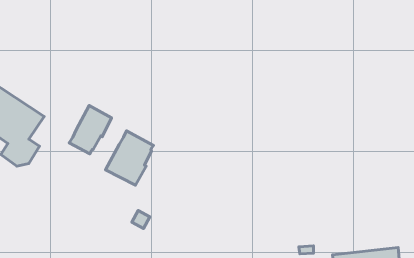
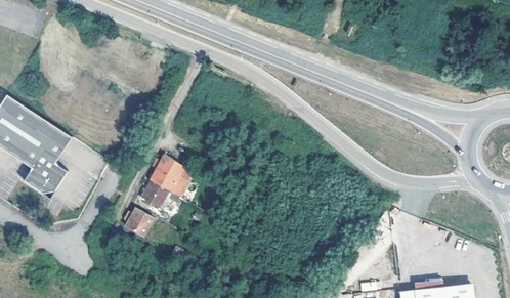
building: [69,105,112,154] -> none
building: none -> [126,206,155,235]

